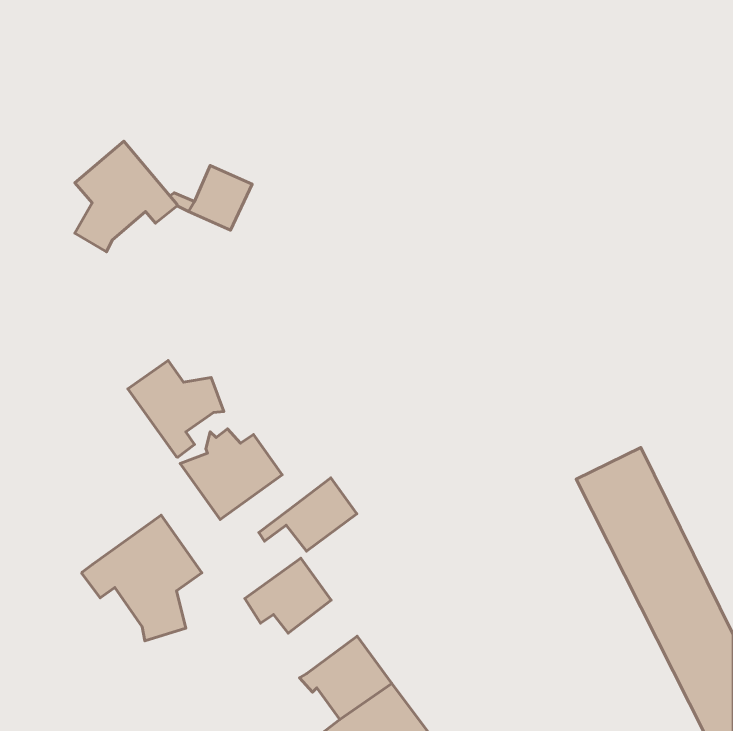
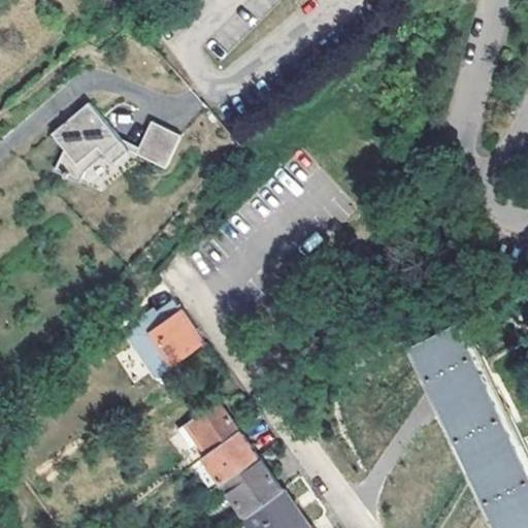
building: [128,360,224,457] -> none
building: [259,478,357,551] -> [186,433,256,486]
building: [82,515,202,641] -> none

